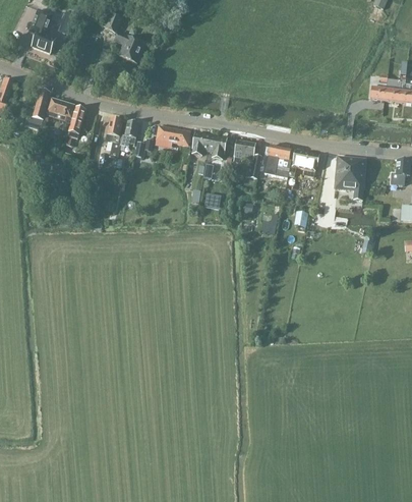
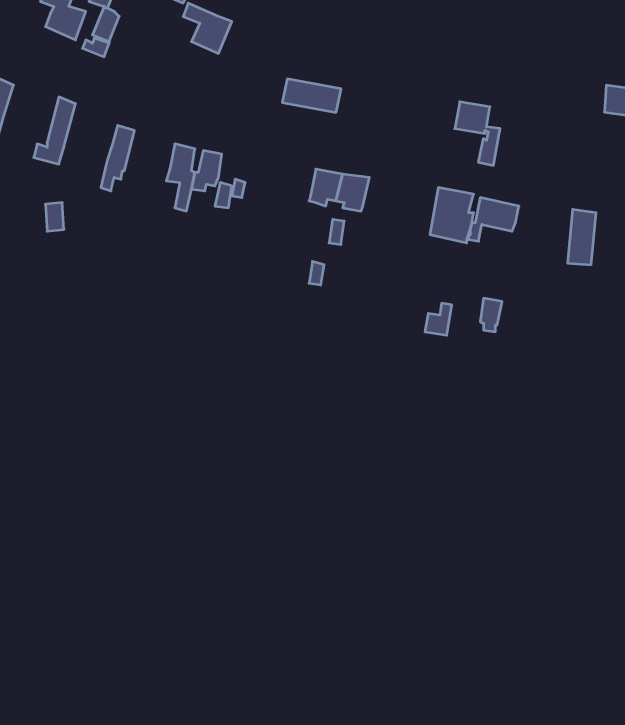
building: [46,98,74,127] -> none
building: [156,126,191,147] -> [282,79,341,112]
building: [234,141,261,179] -> [455,102,500,165]
building: [334,157,351,190] -> none

